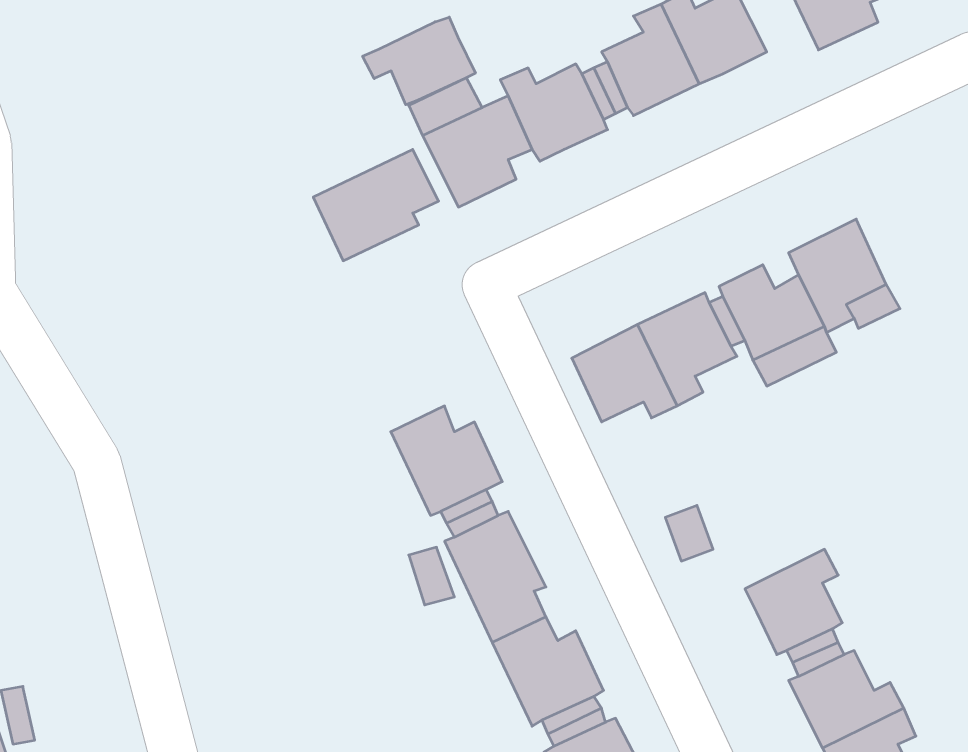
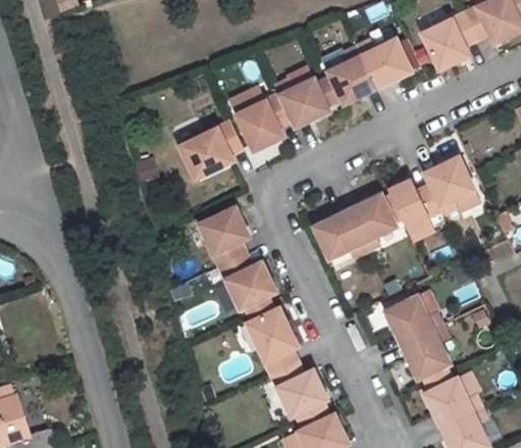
building: [363,17,475,105] -> none
building: none -> [199,205,250,265]
building: none -> [383,295,441,346]

